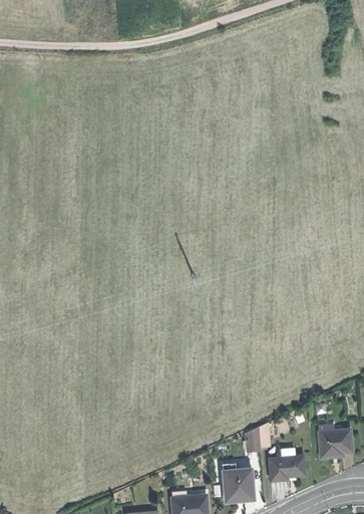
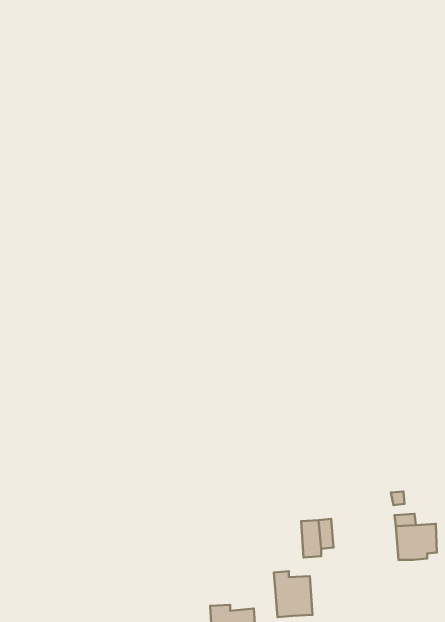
building: [269,452,305,483] -> none

